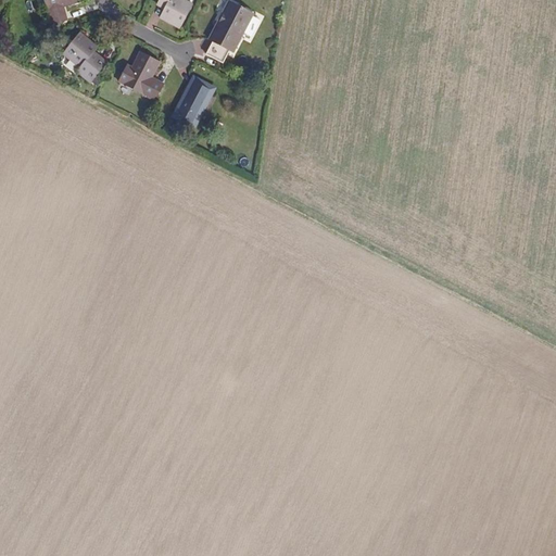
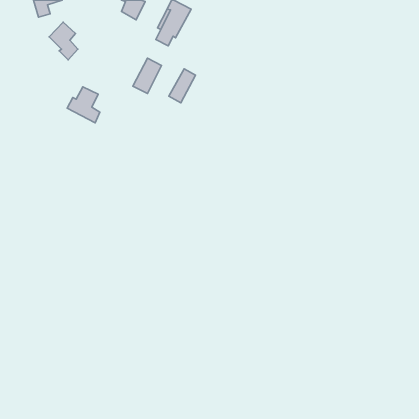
building: [119,51,163,99] -> [67,87,100,123]
building: none -> [169,69,196,103]

